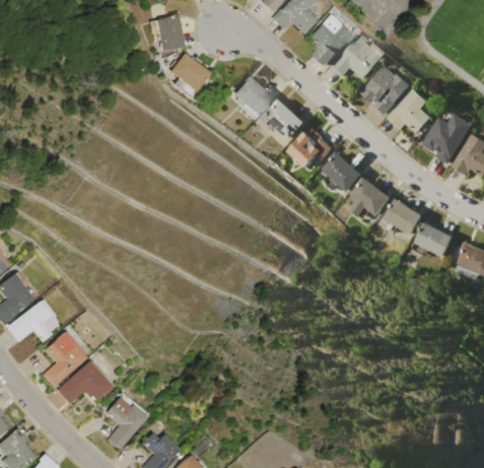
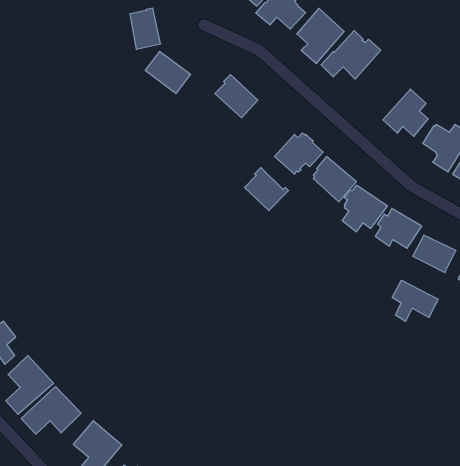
building: [361,66,411,114] -> none
building: [266,98,306,138] -> [244,167,289,211]
building: none -> [392,280,438,321]

